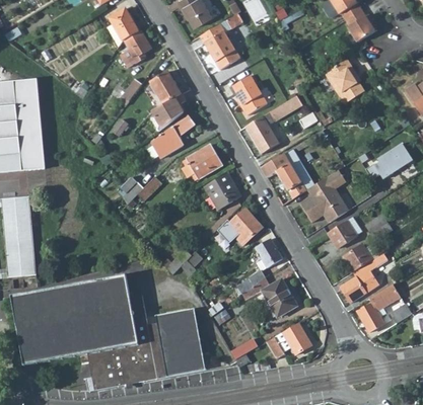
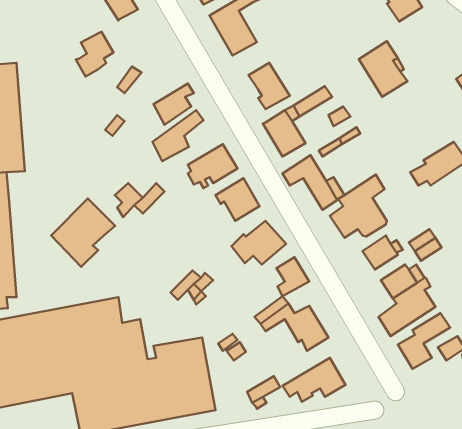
building: [120,30,151,68] -> [76,32,114,77]
building: [149,71,181,104] -> none
building: none -> [51,198,115,267]

